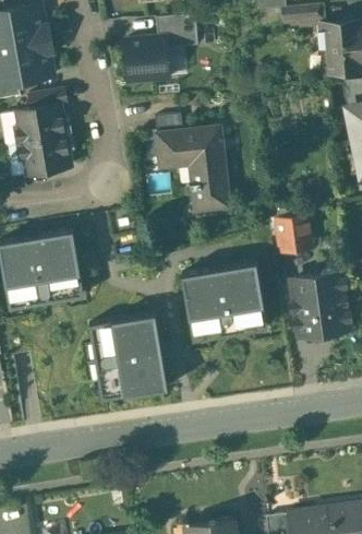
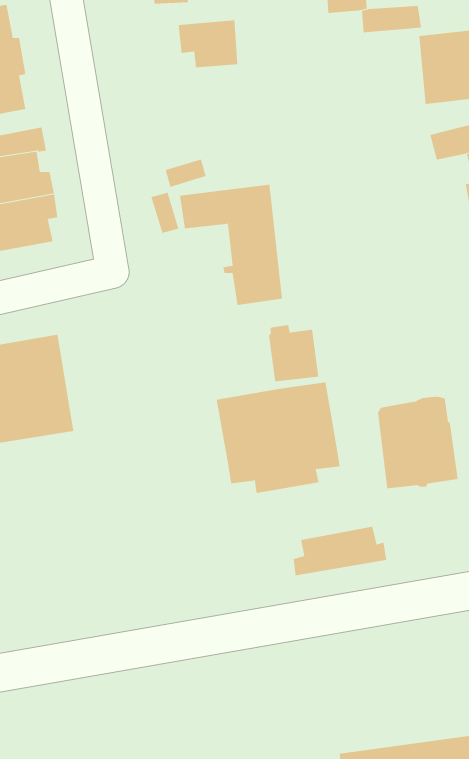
building: [124,37,169,82] -> none
building: [276,213,311,252] -> [268,324,319,382]
building: [88,315,168,401] -> none
building: none -> [293,526,387,576]

